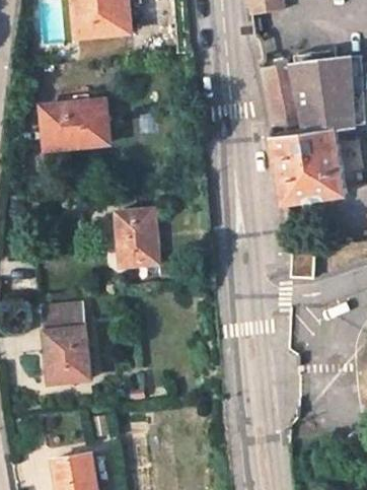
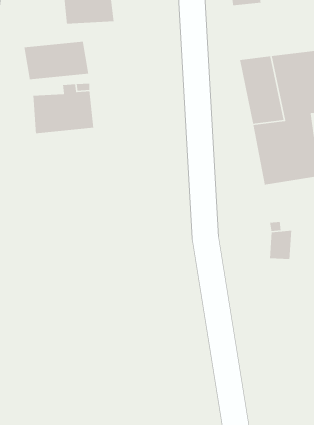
building: none -> [23,41,89,80]
building: [118,211,157,265] -> none
building: [42,305,89,382] -> none

